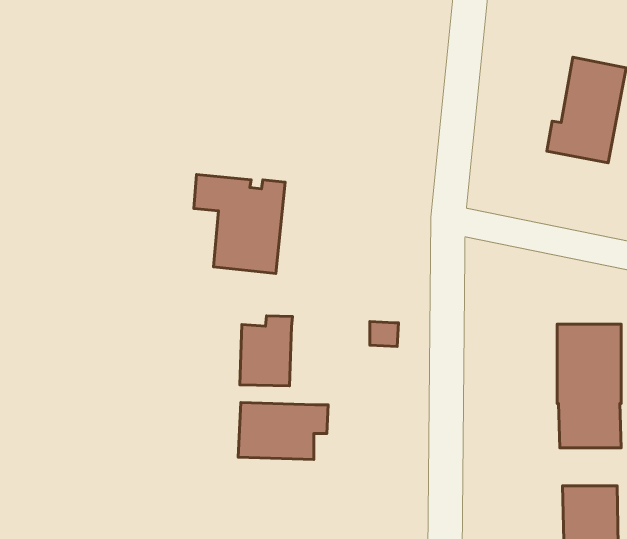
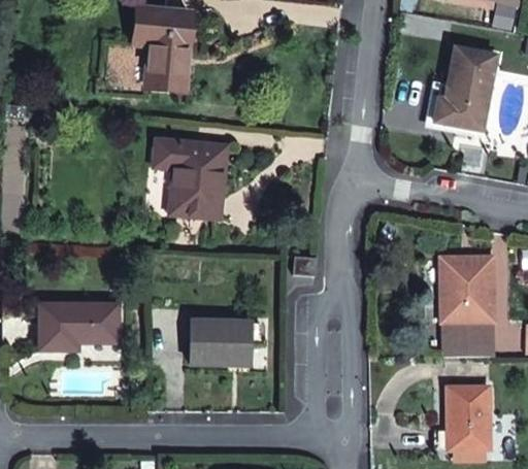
building: none -> [135,7,192,90]
building: [240,316,292,386] -> none
building: none -> [40,304,118,349]

